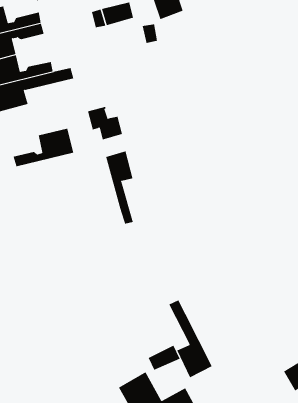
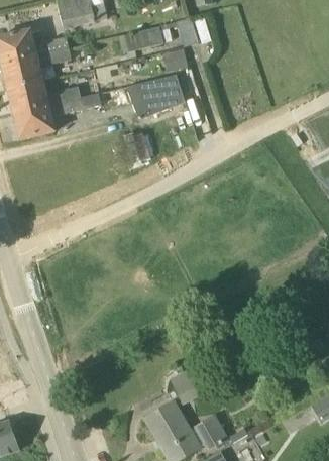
building: none -> [125,75,184,120]
building: [13,128,74,167] -> none
building: [105,151,133,225] -> none
building: [169,299,212,378] -> none

